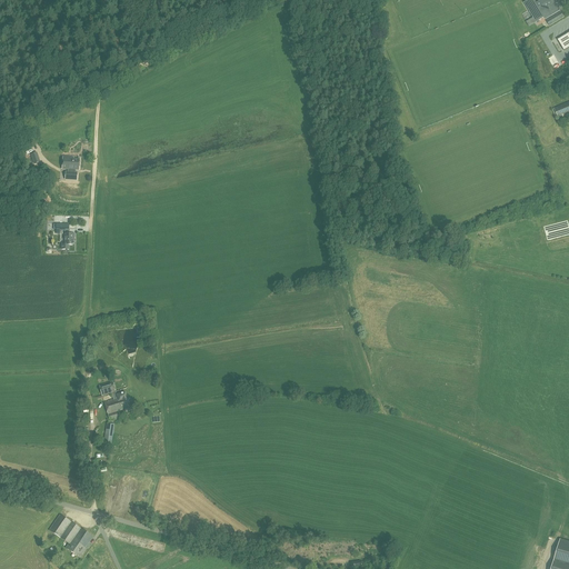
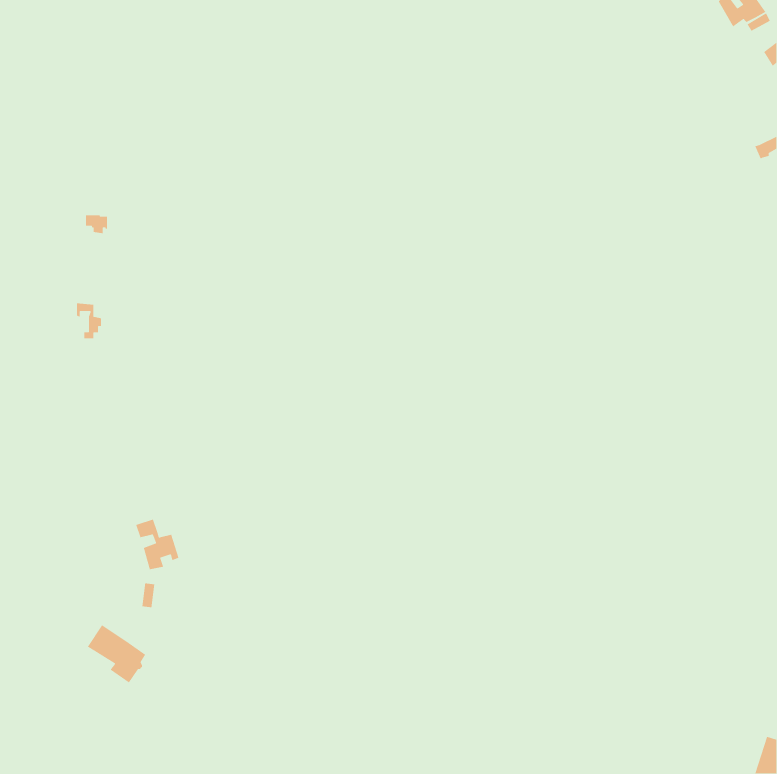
building: [49,512,92,556] -> [87,624,146,683]

